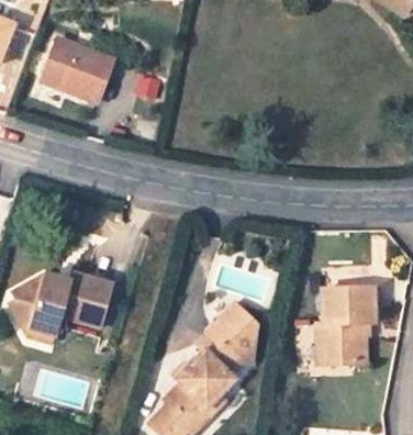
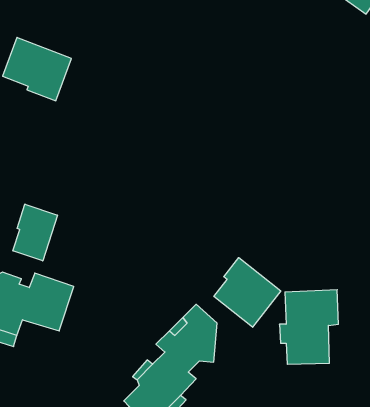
building: none -> [13,204,57,261]
building: none -> [214,258,281,327]

